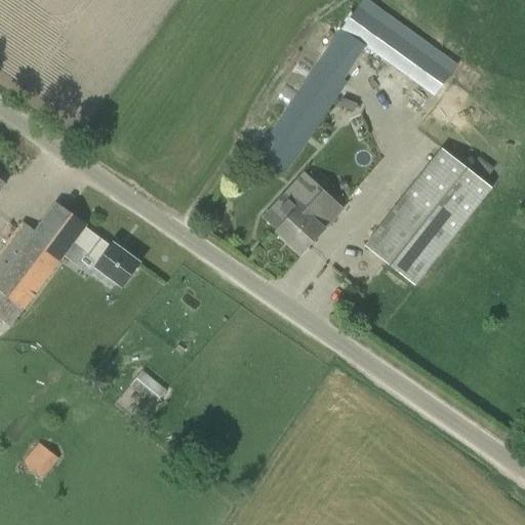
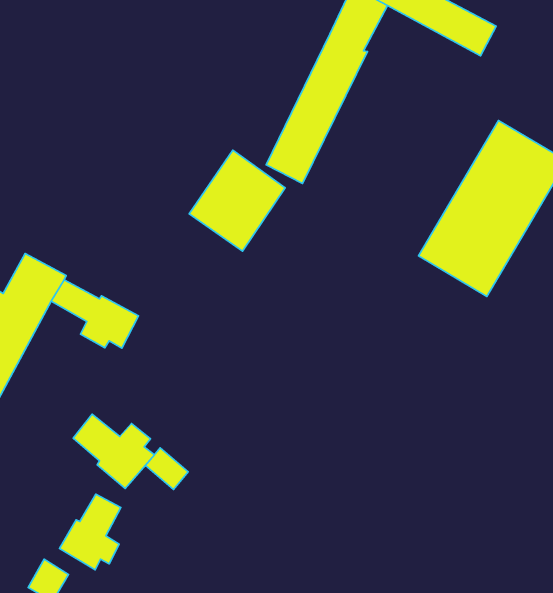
building: [264,172,341,252] -> [189,150,285,251]
building: none -> [73,414,154,488]
building: none -> [60,494,121,570]

